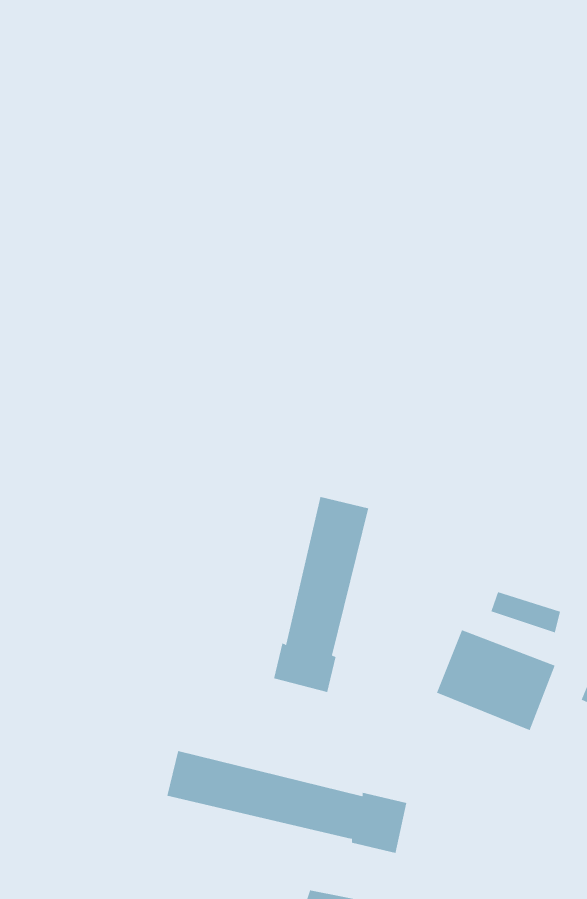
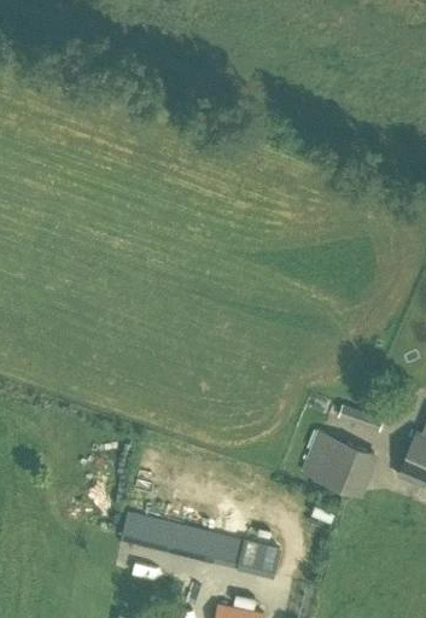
building: [274,496,369,693] -> none

